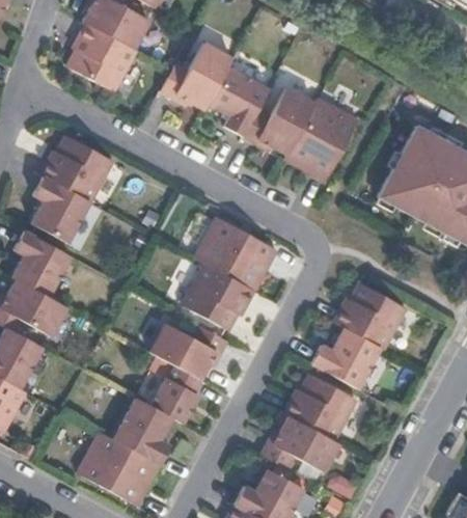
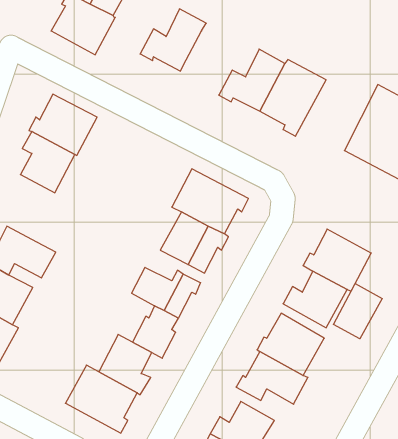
building: [207,66,268,136] -> none
building: [12,231,71,296] -> none
building: none -> [333,283,382,339]

